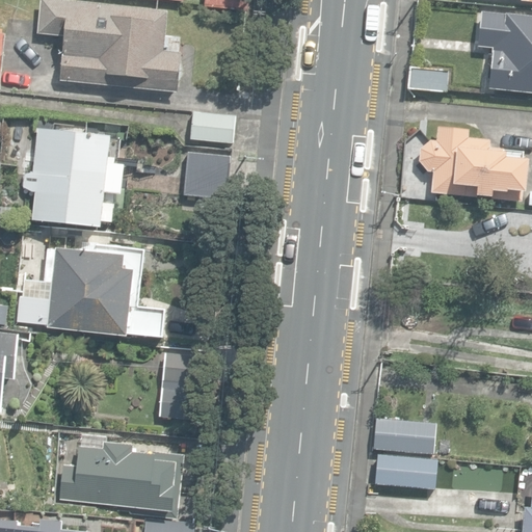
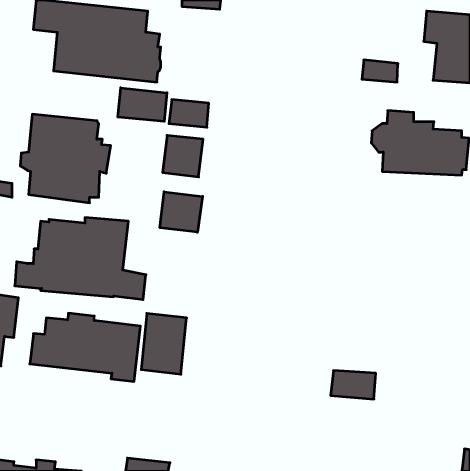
building: none -> [118,88,167,121]
building: none -> [160,192,203,232]
building: [58,441,183,517] -> [30,313,140,381]
building: [375,454,437,489] -> none

